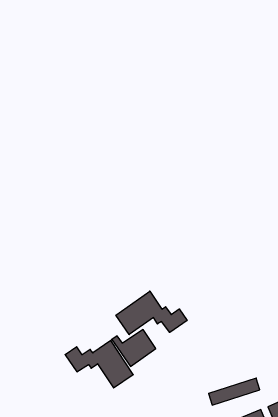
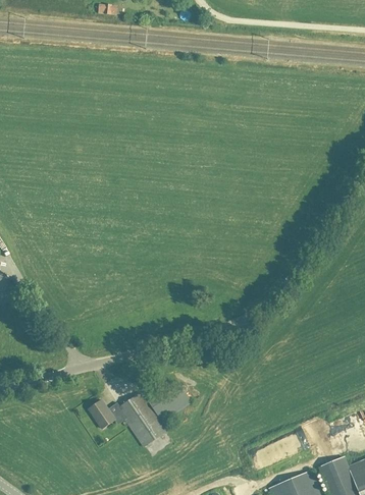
building: [116,291,187,335] -> none

